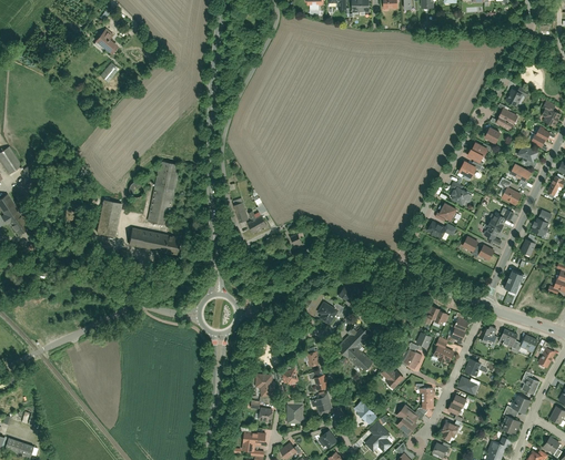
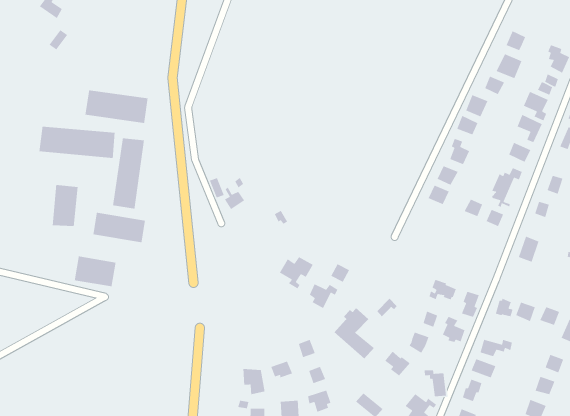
building: none -> [85,89,149,124]
building: none -> [38,126,115,159]
building: none -> [74,256,117,287]
building: none -> [279,256,314,290]

